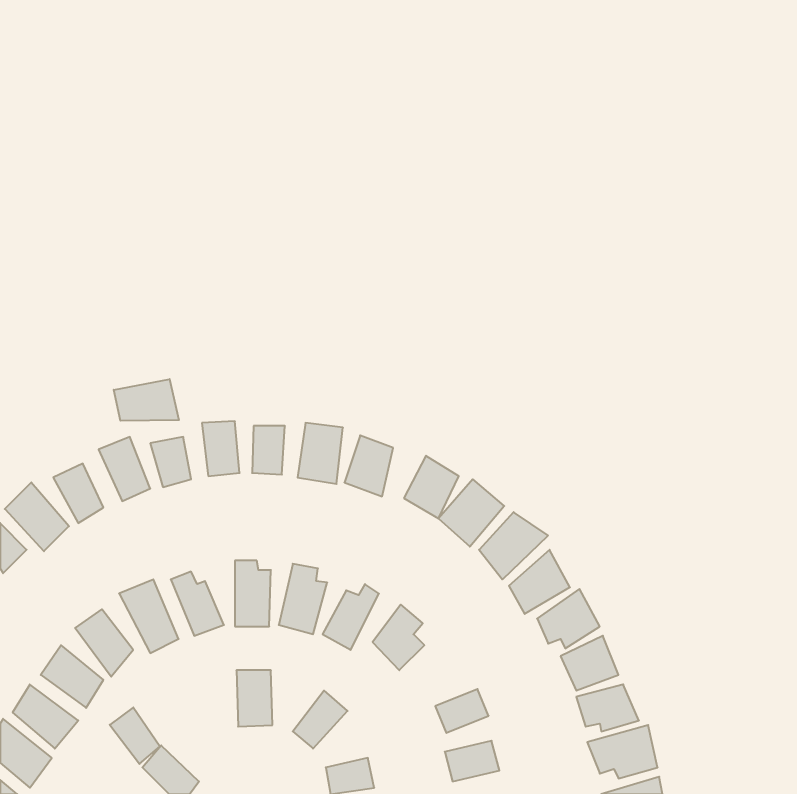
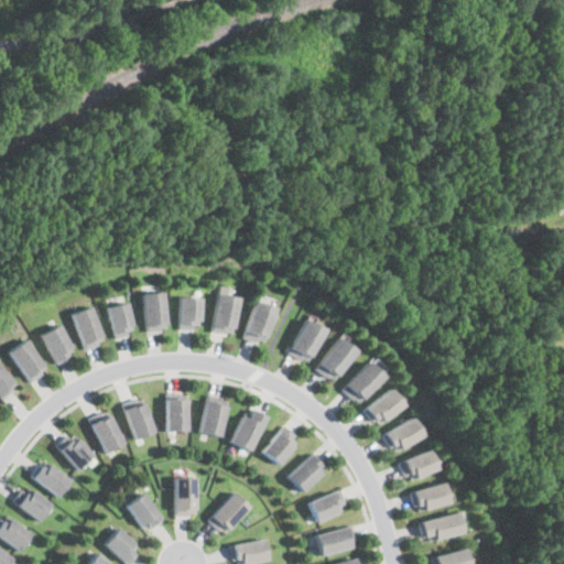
building: [114,379,179,421] -> none
building: none -> [289,453,325,498]
building: [110,707,160,764] -> [127,487,162,527]

